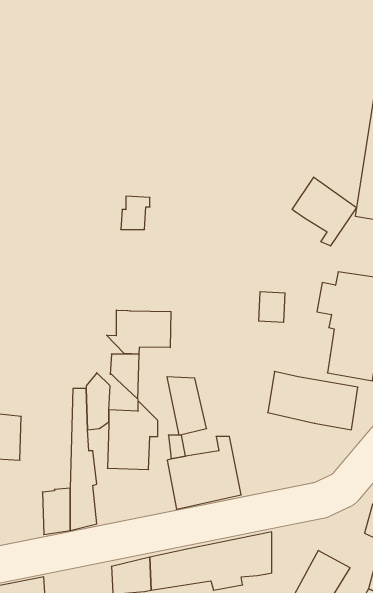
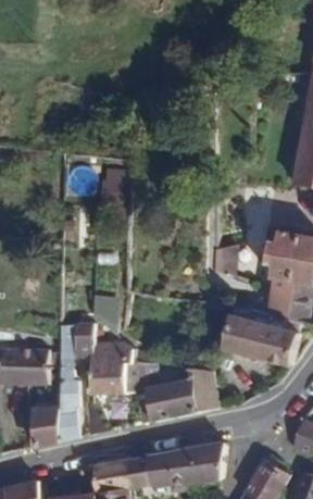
building: [292,177,357,246] -> none
building: [107,310,171,354] -> none
building: [167,377,207,435] -> [189,365,222,413]
building: none -> [17,349,49,386]

